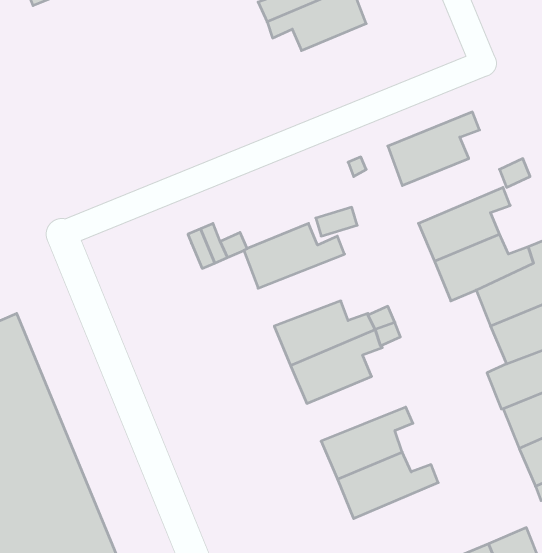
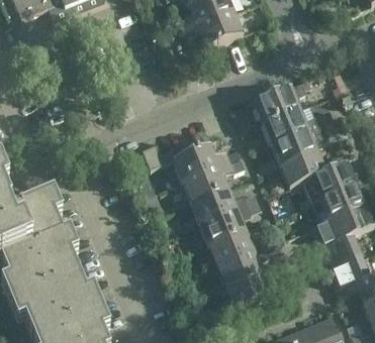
building: none -> [263,107,319,143]
building: none -> [182,160,235,201]
building: none -> [209,229,265,265]

